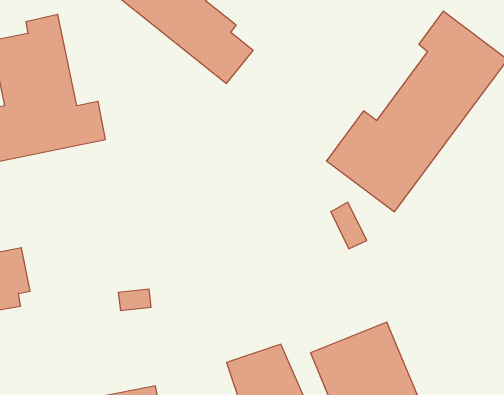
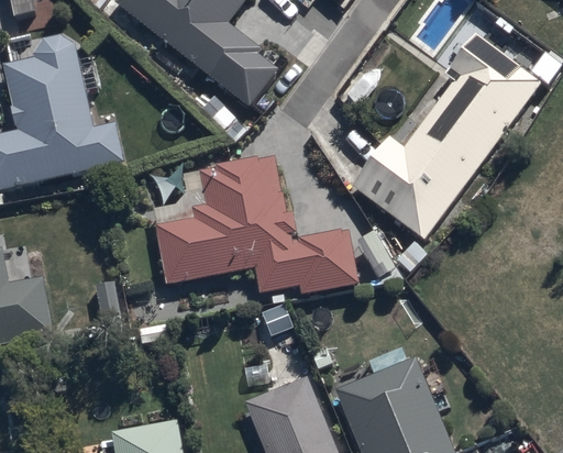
building: none -> [156,156,357,303]

